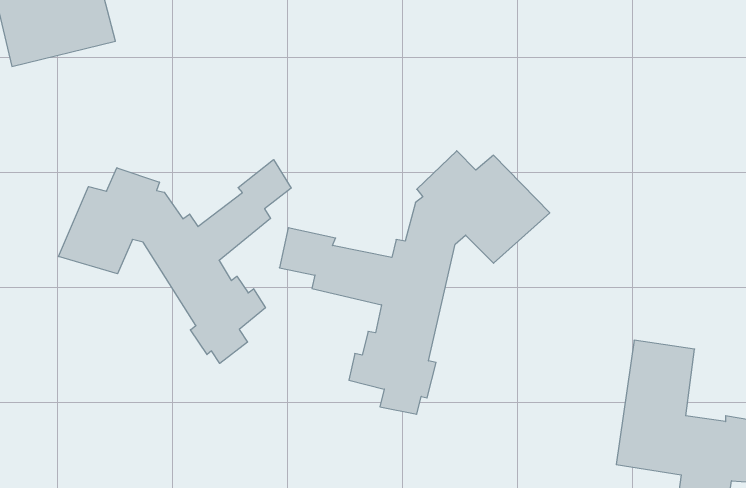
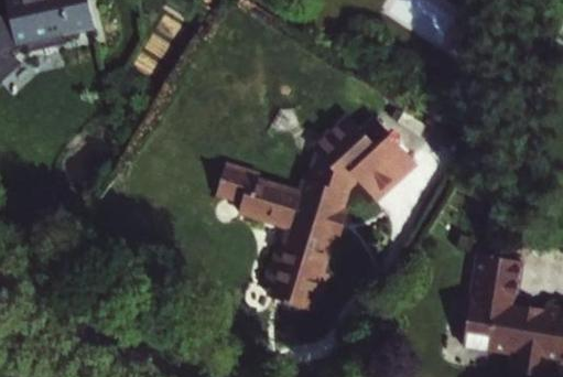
building: [59,160,291,363] -> none

